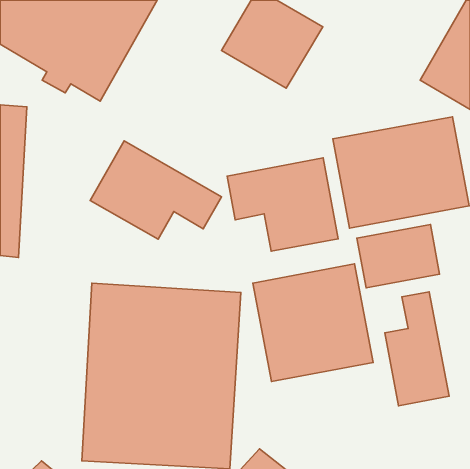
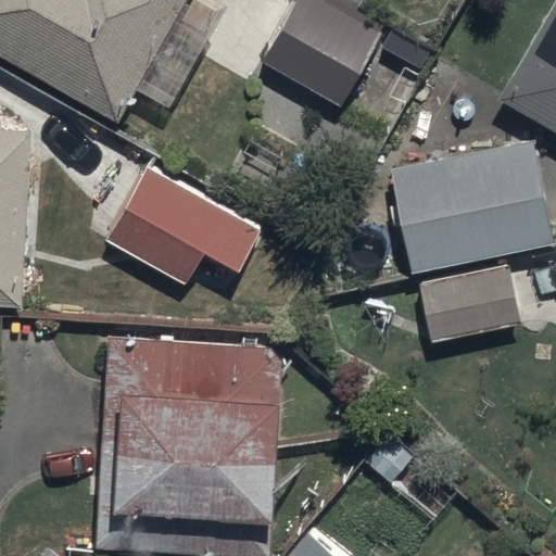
building: [227,158,338,251] -> none
building: [253,264,373,381] -> none
building: [385,292,449,406] -> none

